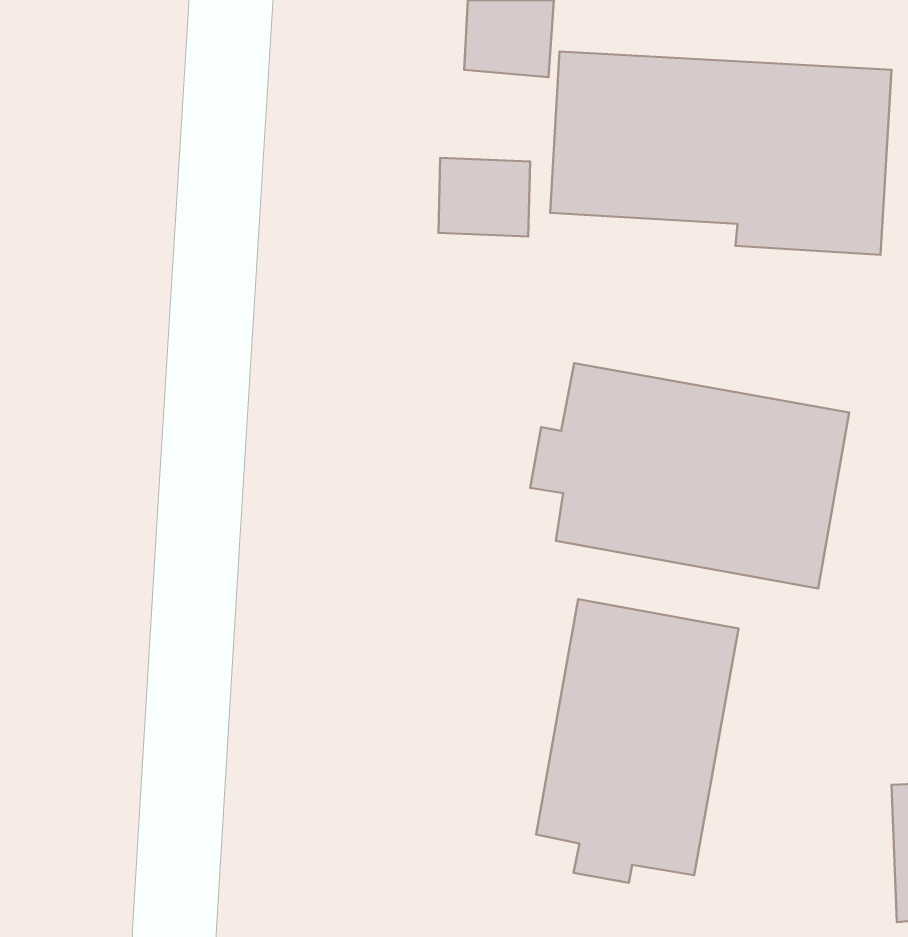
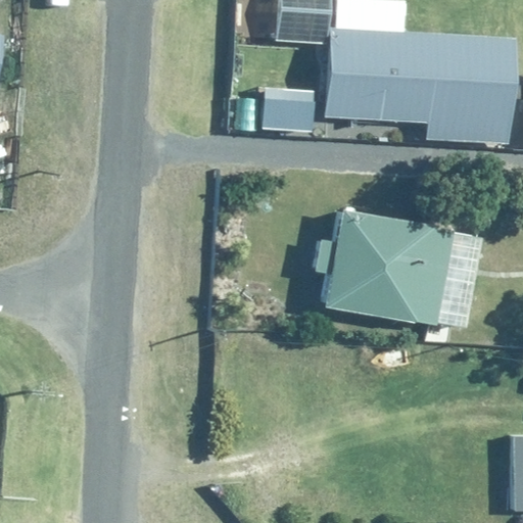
building: [536,599,738,883] -> none

